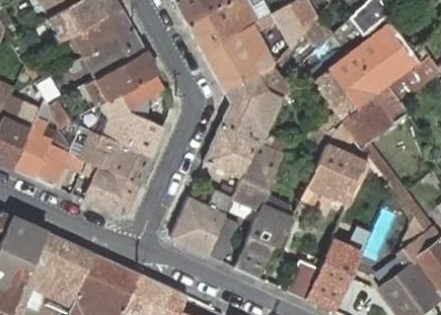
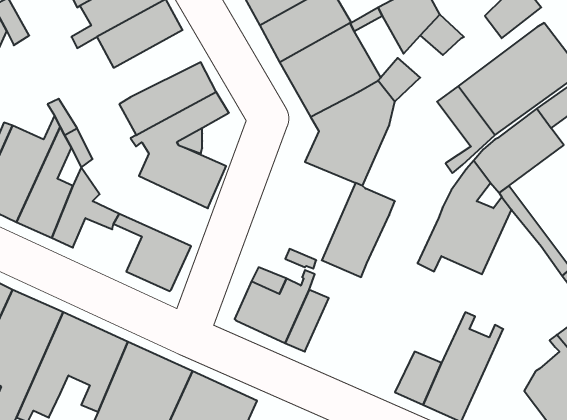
building: [83,28,146,77] -> none
building: [204,124,258,178] -> none
building: [68,130,151,184] -> none
building: [234,196,290,278] -> none

